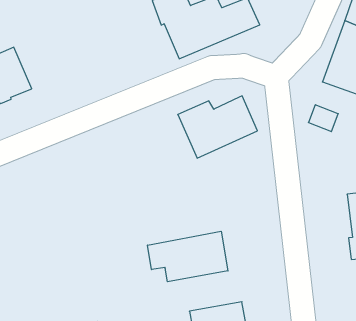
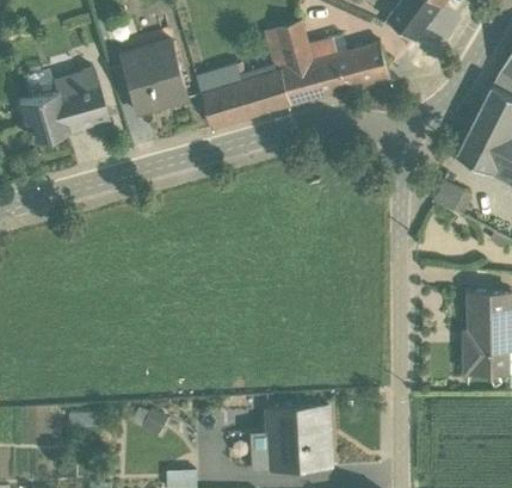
building: none -> [118,37,189,113]
building: [178,96,257,158] -> [196,61,289,129]
building: [148,231,228,282] -> none

